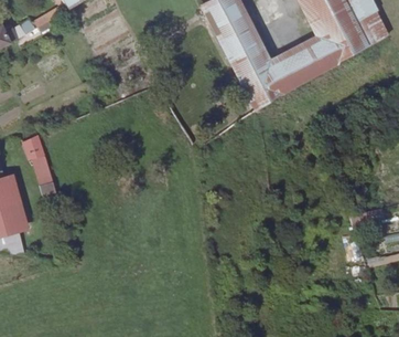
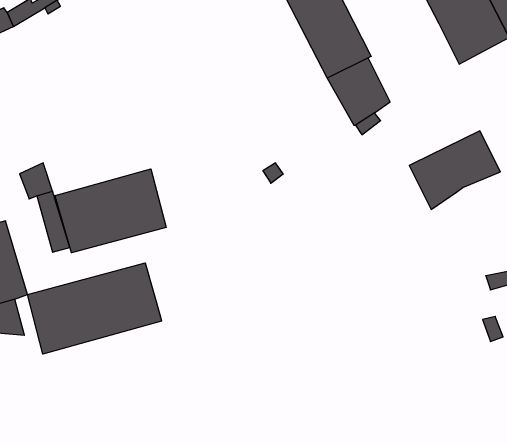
building: [268,35,332,91] -> [409,131,500,209]
building: none -> [55,169,166,253]
building: none -> [28,263,162,354]

